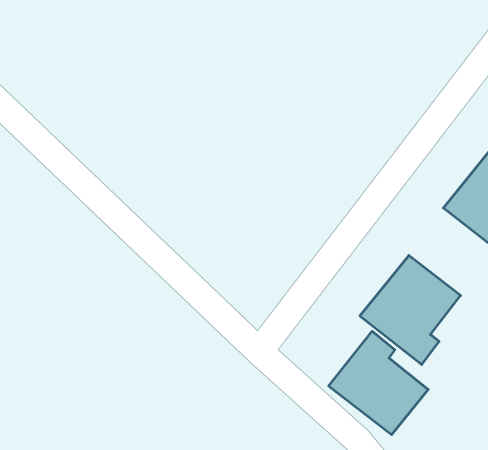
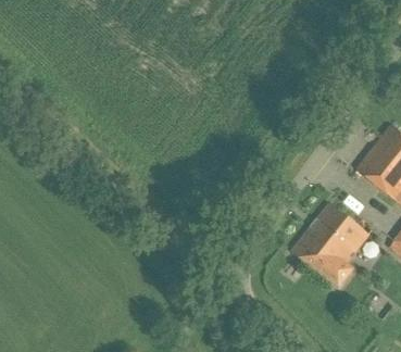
building: [329,331,428,435] -> none

